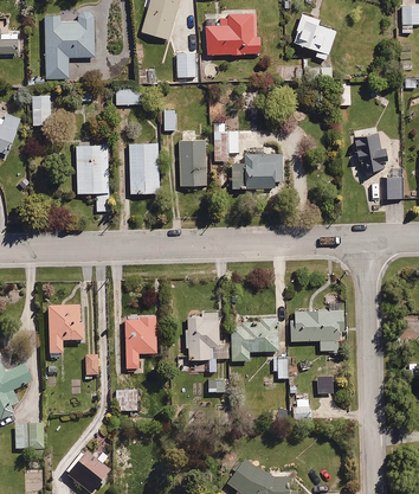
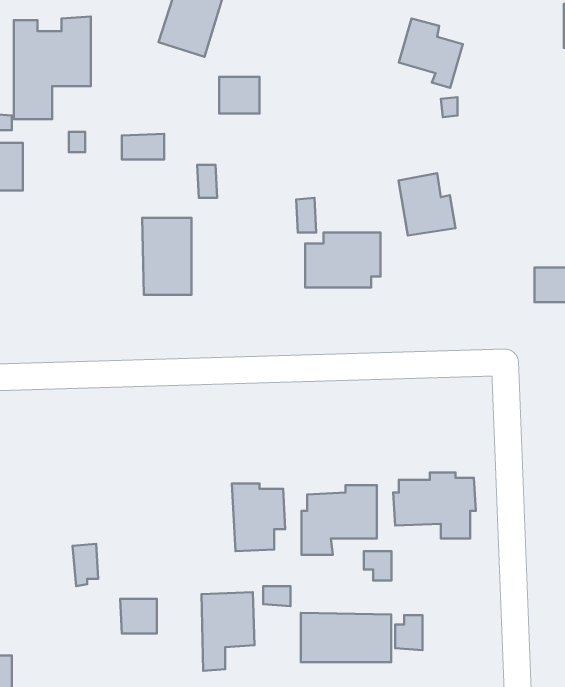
building: [206,13,260,54] -> none
building: [353,130,389,171] -> [399,173,455,236]
building: [178,140,207,185] -> none
building: [76,143,109,211] -> none
building: [46,304,83,354] -> none
building: [123,316,157,367] -> [201,592,255,671]
building: none -> [301,613,391,662]

